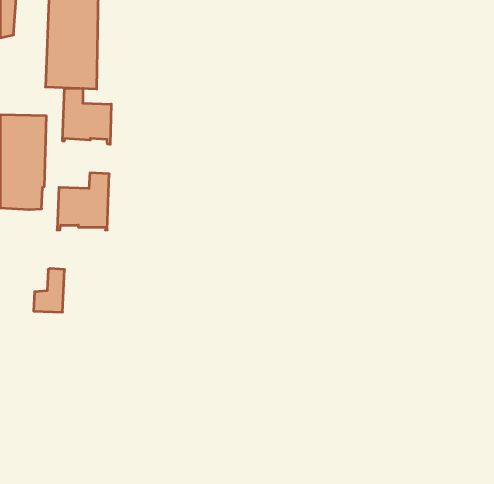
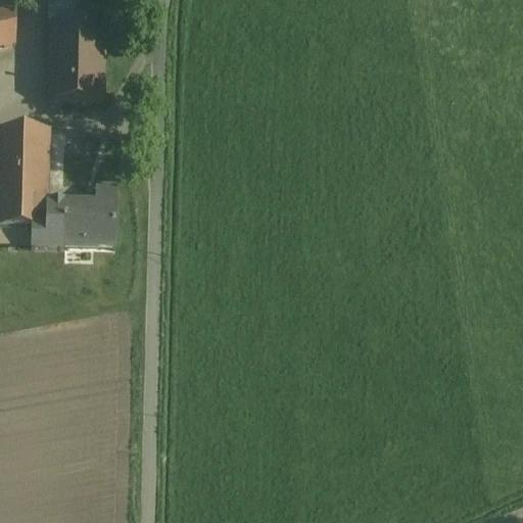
building: [63,88,111,144] -> none
building: [34,269,65,312] -> [30,197,62,243]

